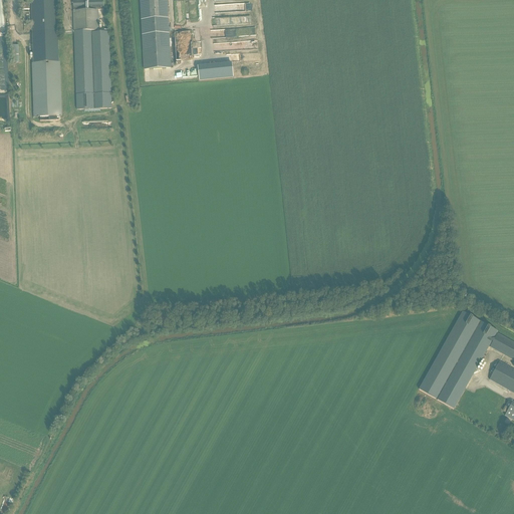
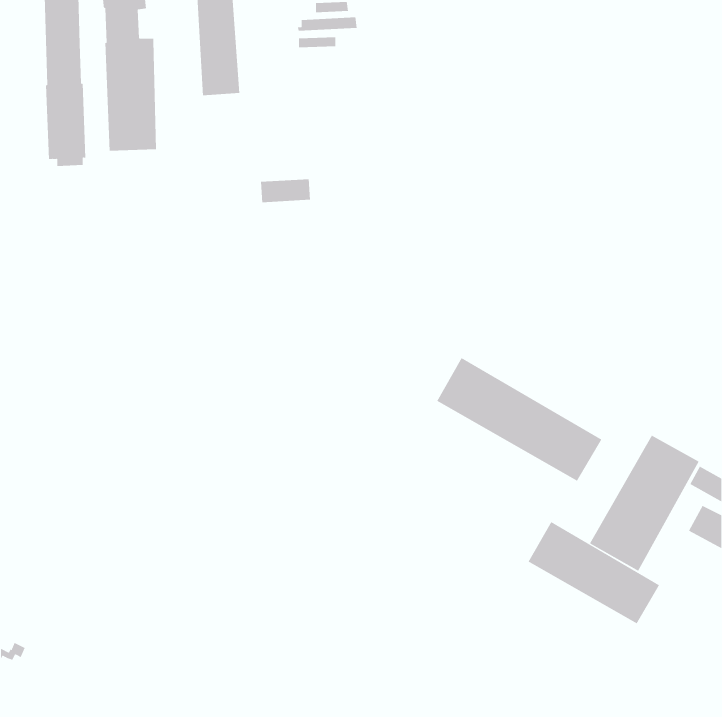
building: [195,60,231,77] -> [260,179,311,203]
building: none -> [436,357,602,482]
building: none -> [528,521,660,624]

